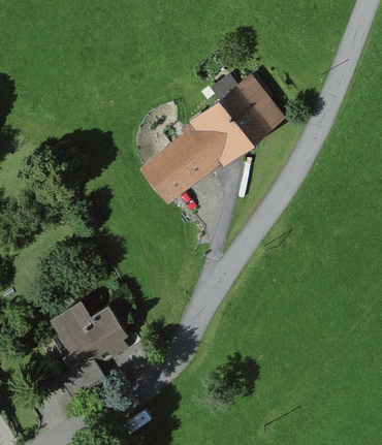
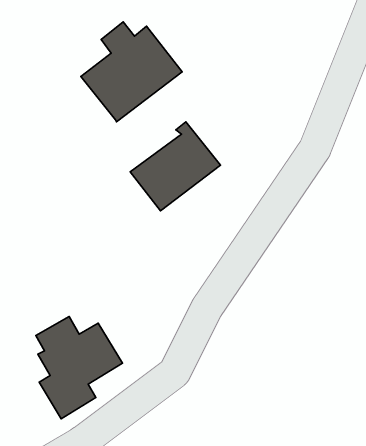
building: [191,71,285,164] -> [81,22,182,122]

